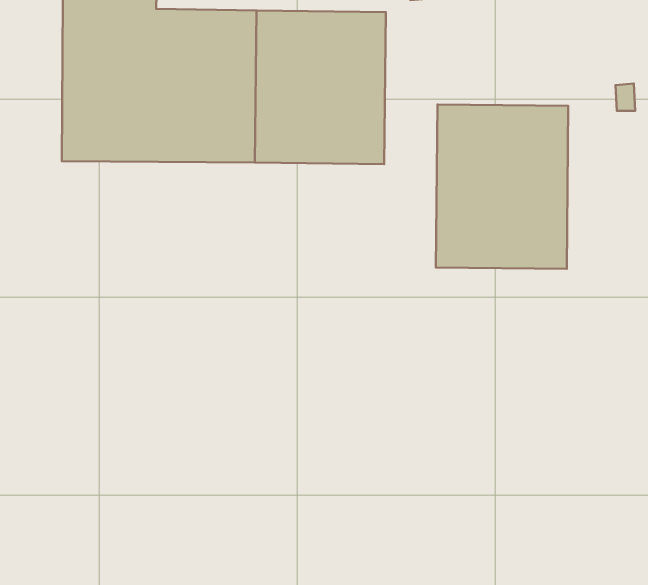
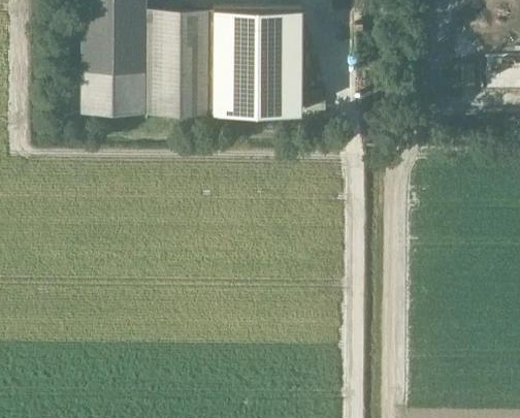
building: [436,105,568,269] -> none

